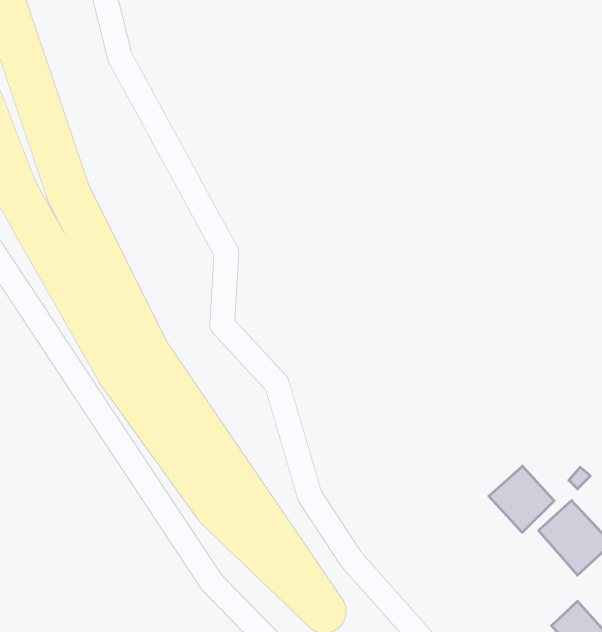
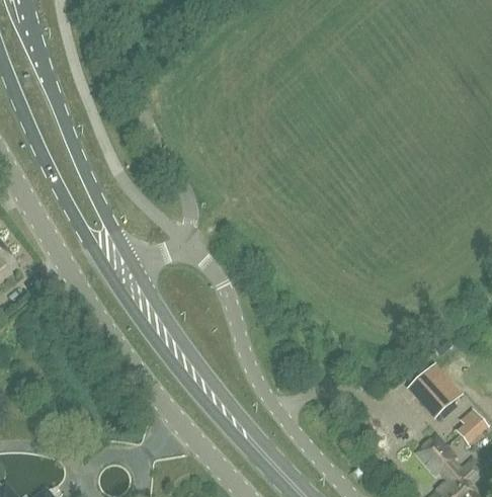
building: [489,466,554,532] -> none

